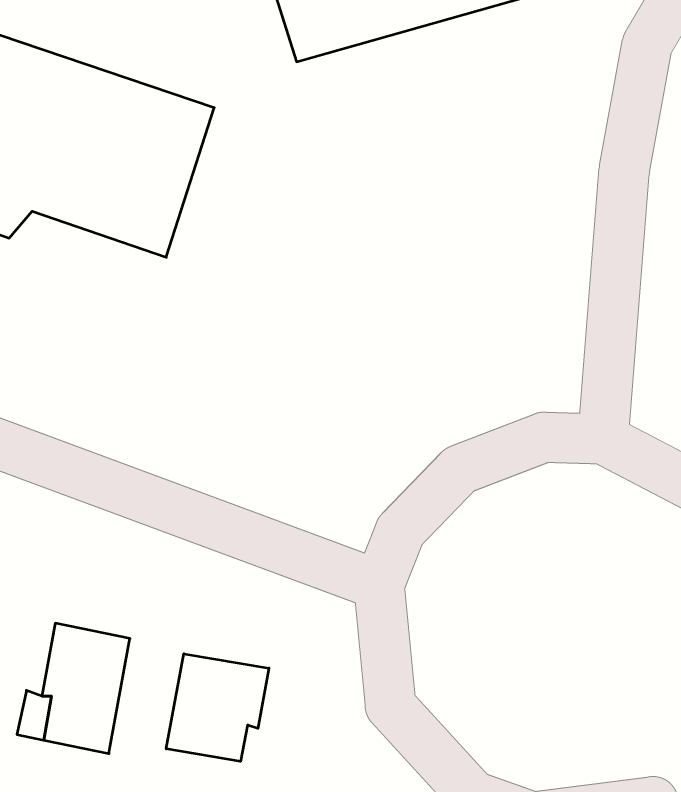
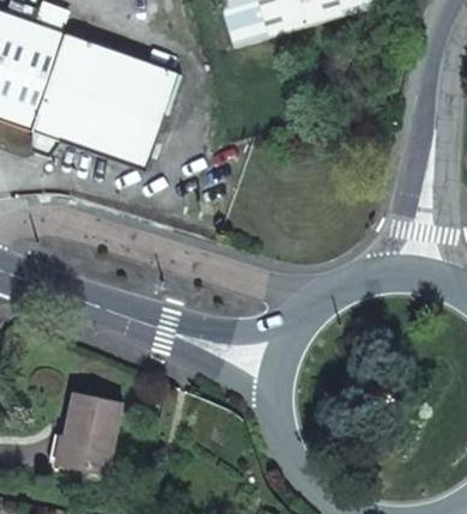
building: [166,654,269,761] -> none

